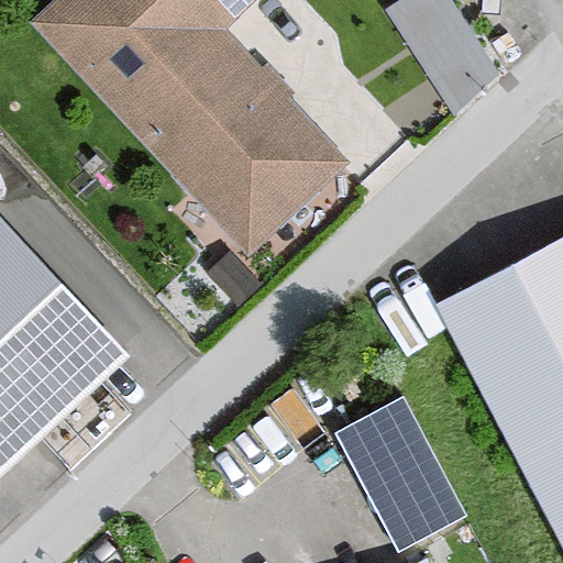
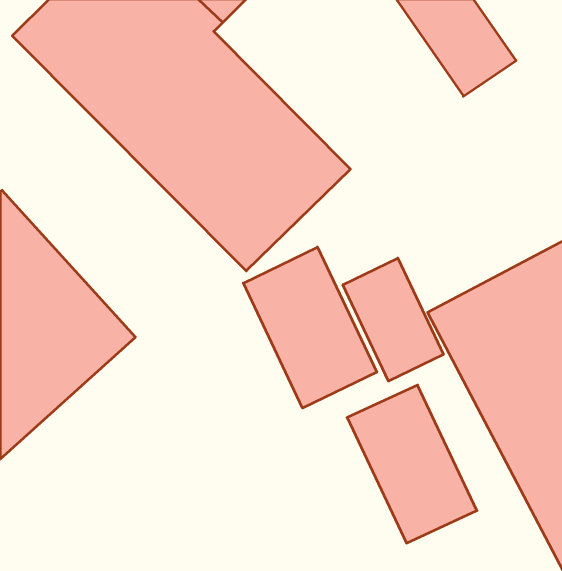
building: none -> [243,247,377,408]
building: none -> [343,258,443,381]

